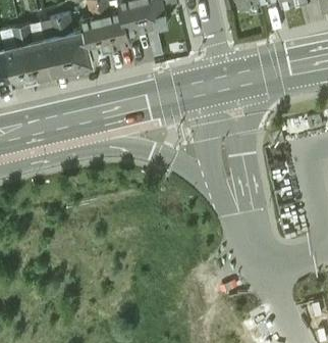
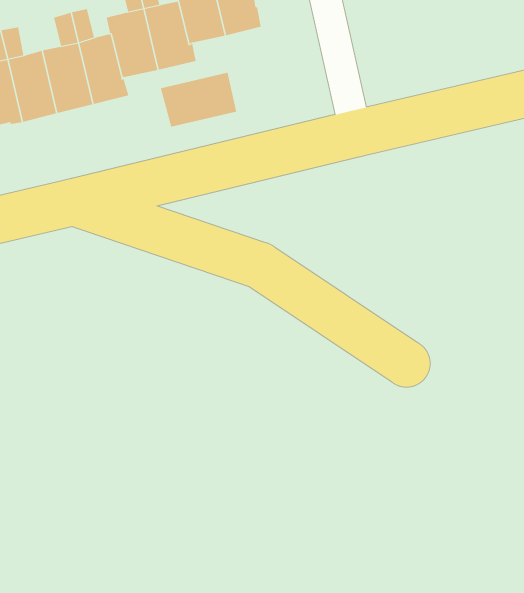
building: none -> [160,72,237,127]

